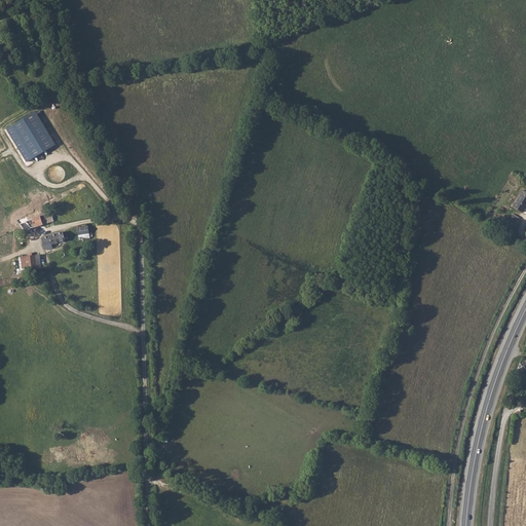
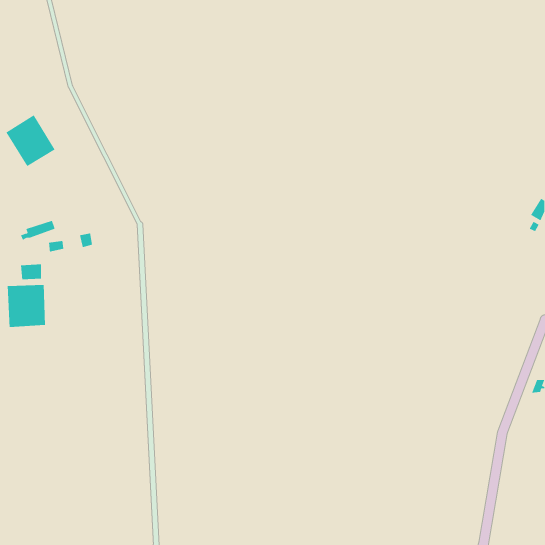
building: none -> [7,284,46,328]

